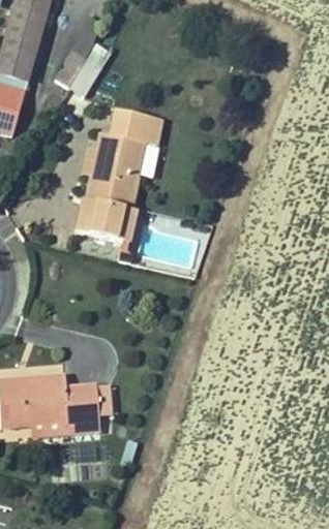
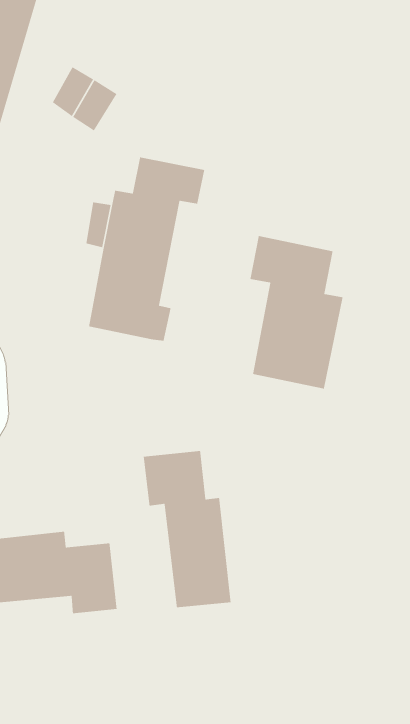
building: none -> [250,235,343,389]
building: none -> [143,450,231,608]

